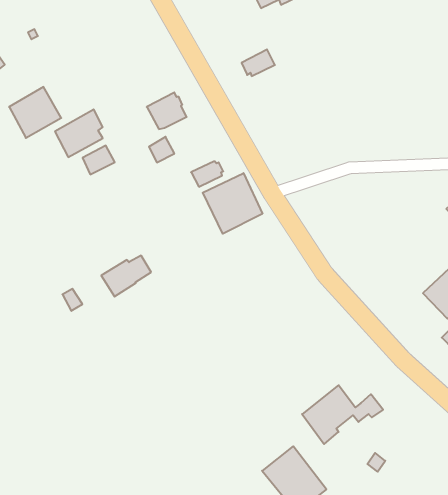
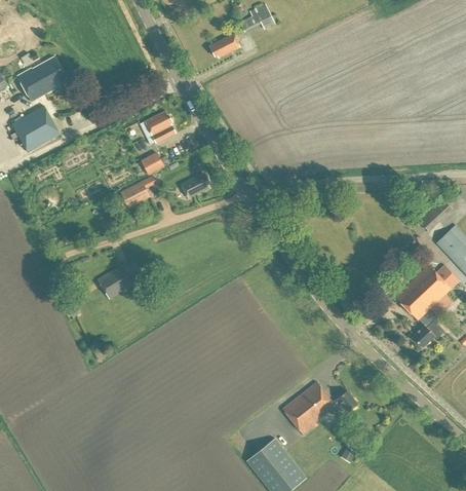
building: [242,49,275,76] -> [208,33,239,58]
building: [55,109,103,157] -> [17,56,62,101]
building: [83,146,115,174] -> [120,181,150,207]
building: [203,173,262,234] -> none

